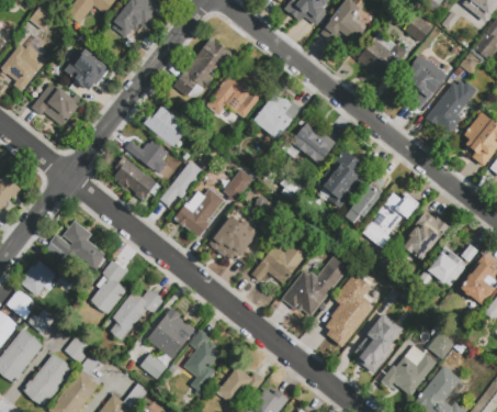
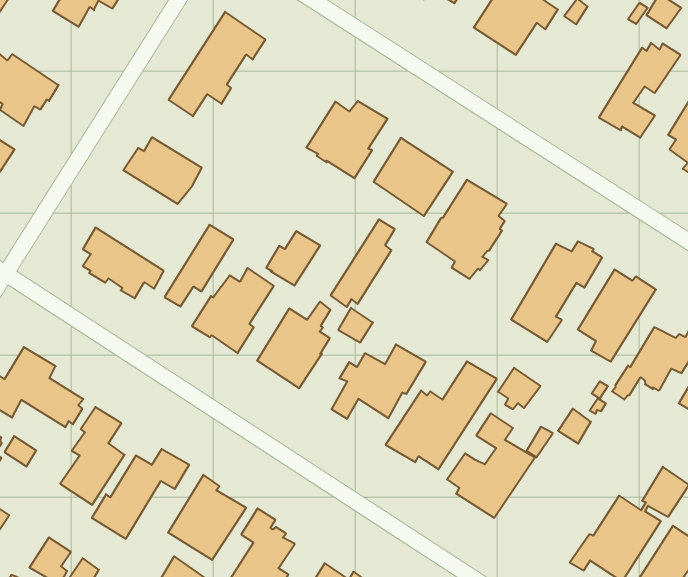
building: [395,59,445,111] -> none
building: [205,65,263,119] -> none
building: [125,140,167,175] -> none
building: [343,174,385,223] -> [331,219,395,307]
building: [354,322,402,369] -> none

